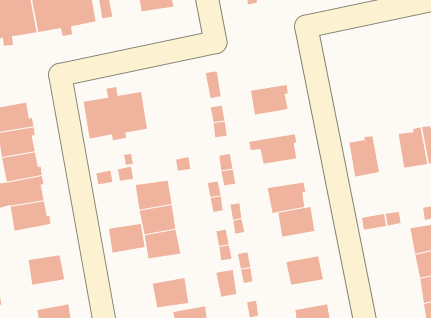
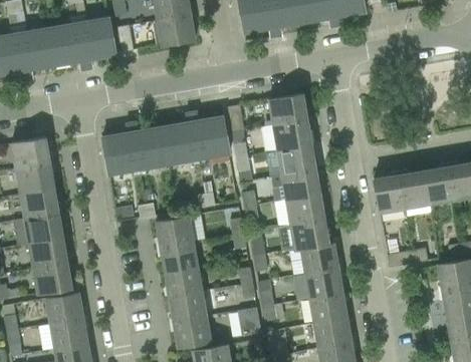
building: none -> [269,94,311,125]
building: none -> [163,110,229,165]
building: none -> [277,144,319,175]
building: none -> [399,169,430,209]
building: none -> [286,195,328,225]
building: [108,224,145,253] -> [169,292,207,322]
building: none -> [32,262,72,294]
building: none -> [305,269,343,300]
building: none -> [50,318,88,349]
building: none -> [314,318,352,349]

